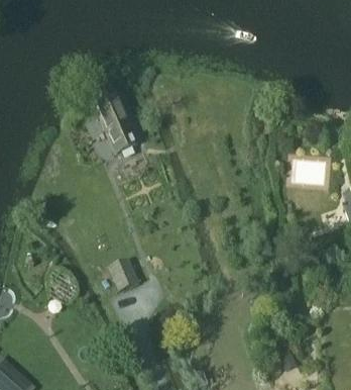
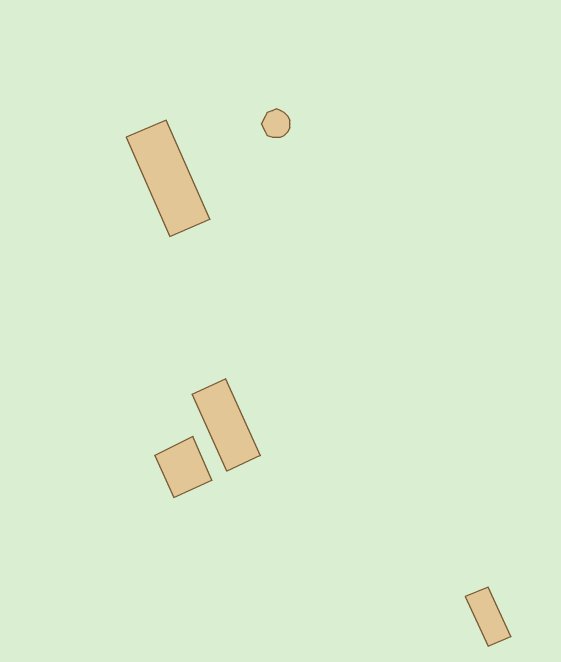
building: none -> [192,379,260,471]

